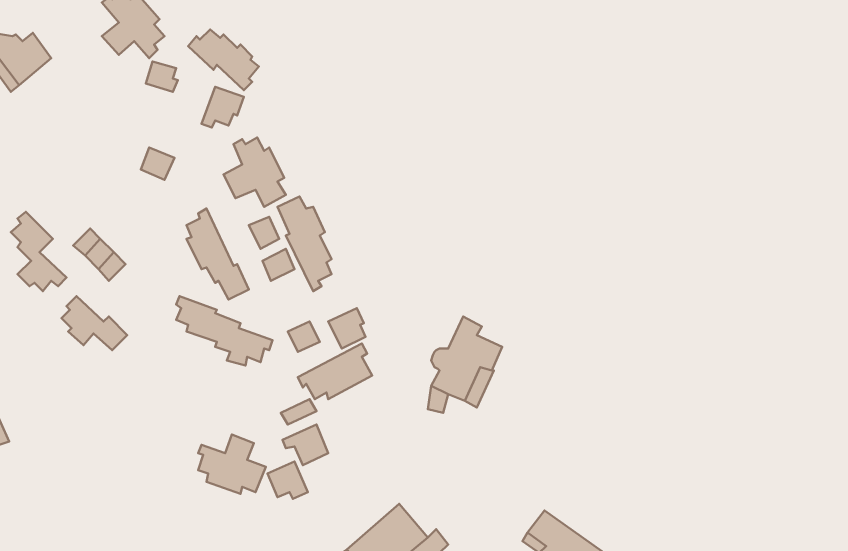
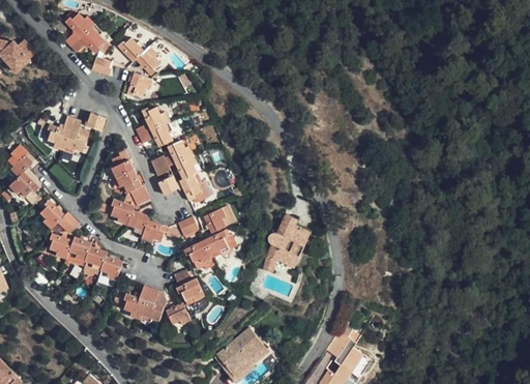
building: none -> [50,114,89,151]
building: none -> [49,233,123,277]

